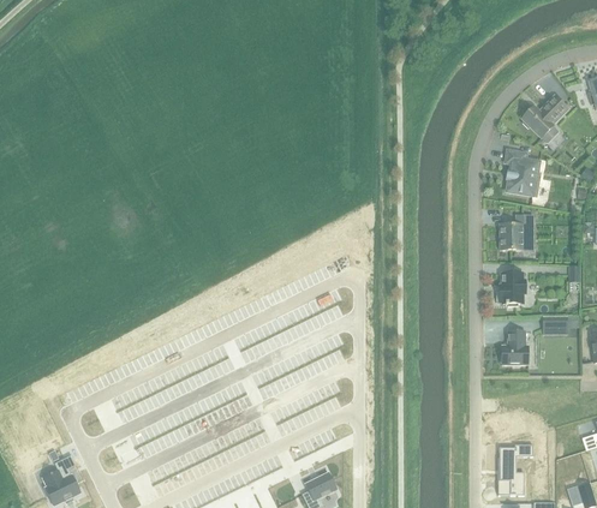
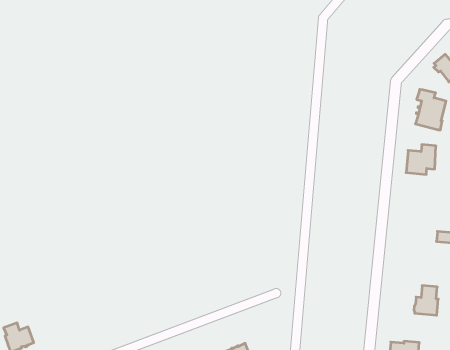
building: [496,271,525,305] -> none
building: [500,329,527,363] -> [414,286,438,315]

